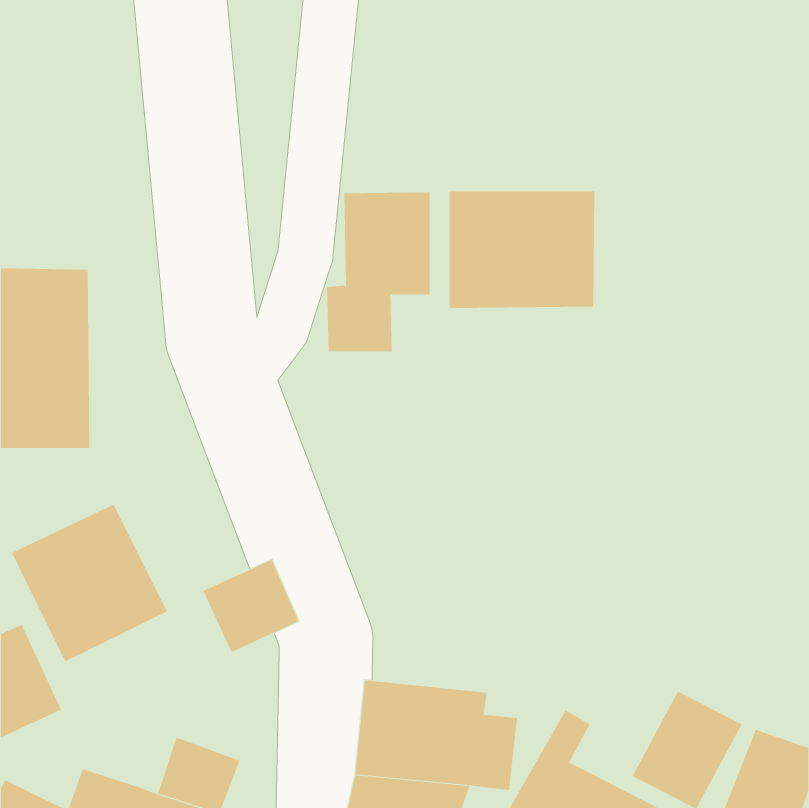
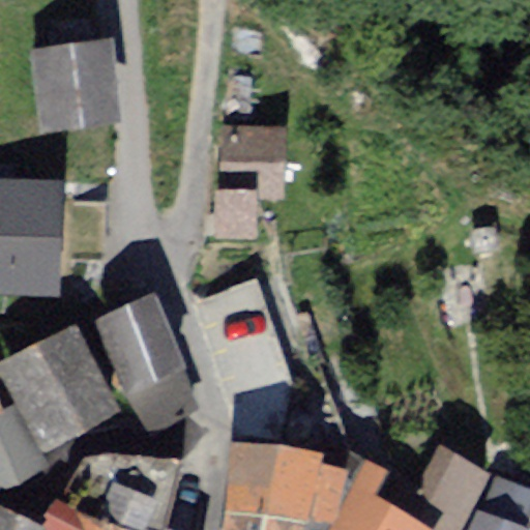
building: none -> [36,40,116,128]
building: [449,190,595,309] -> none
building: none -> [102,299,178,387]

